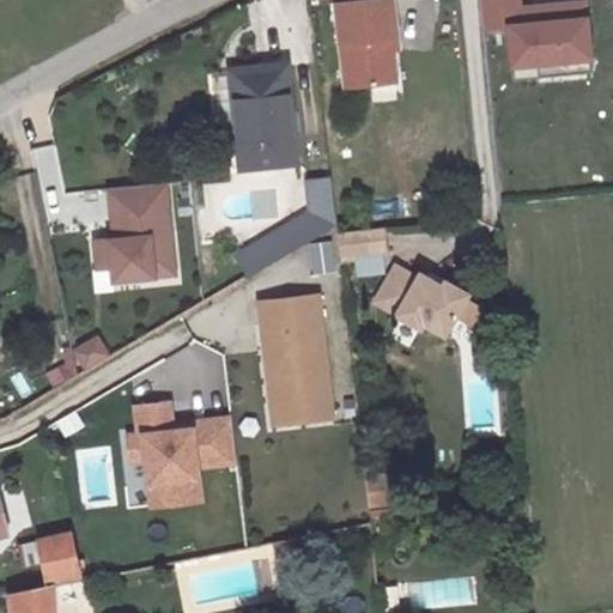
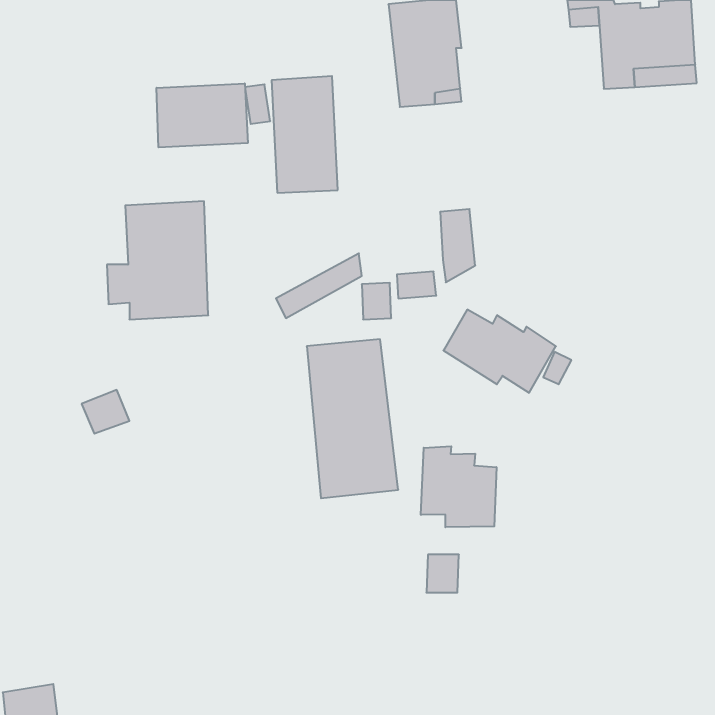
building: none -> [157,83,248,147]
building: [303,176,333,238] -> [440,209,475,282]
building: none -> [421,446,496,527]
building: [123,401,231,508] -> none
building: [34,534,75,584] -> none

